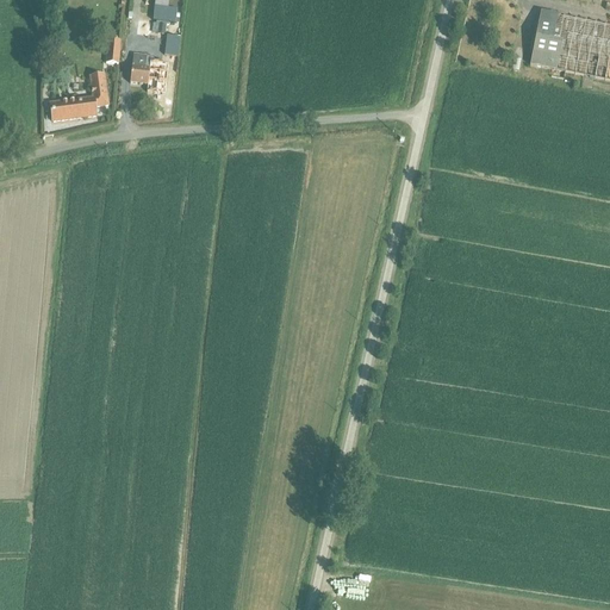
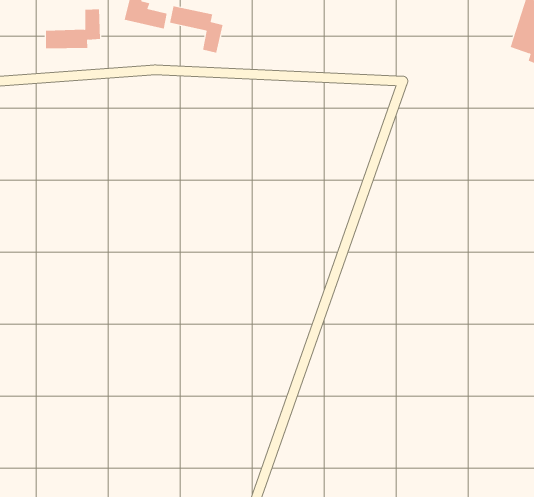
building: none -> [170,5,223,53]

